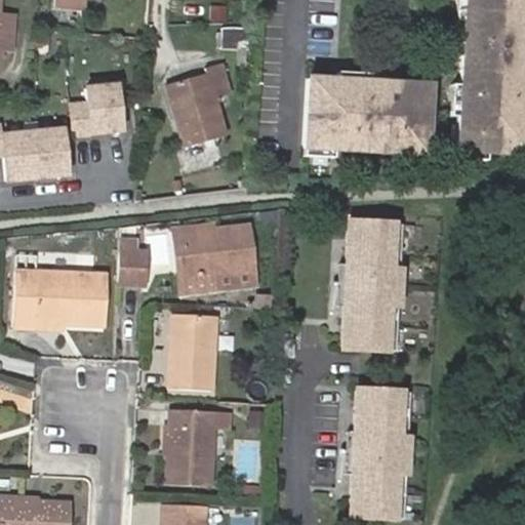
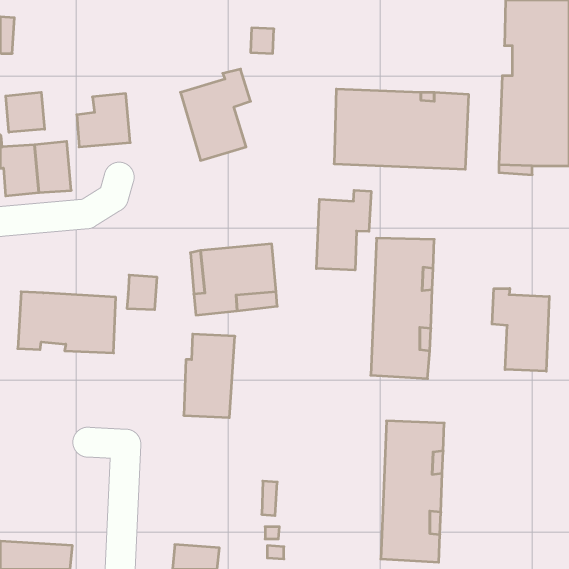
building: none -> [6,92,45,132]
building: none -> [316,190,371,270]
building: none -> [492,288,549,371]
building: [167,407,231,483] -> none

